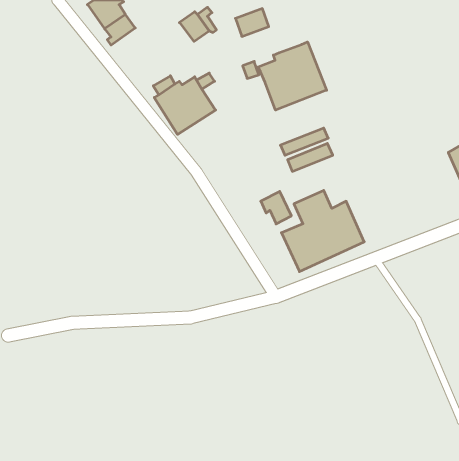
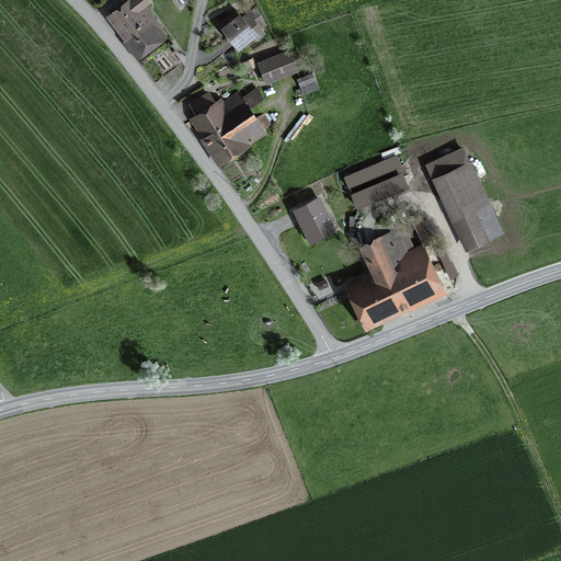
building: [235,9,269,36] -> [257,50,298,84]
building: [258,42,327,110] -> none
building: none -> [425,147,503,251]
building: [261,191,291,224] -> [298,198,335,238]

